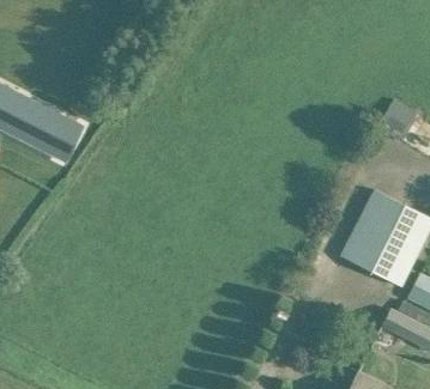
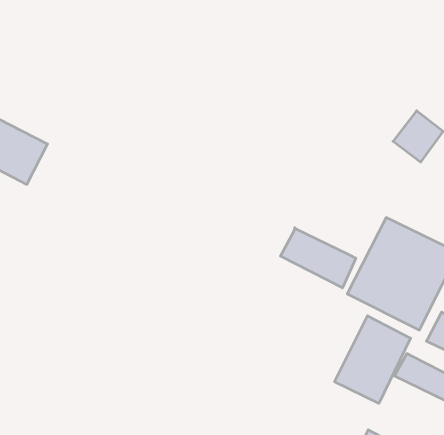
building: none -> [280,228,356,288]
building: none -> [335,316,411,403]

